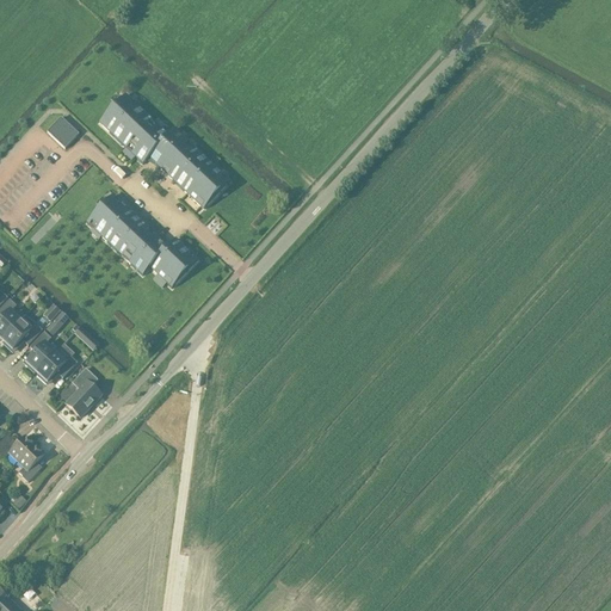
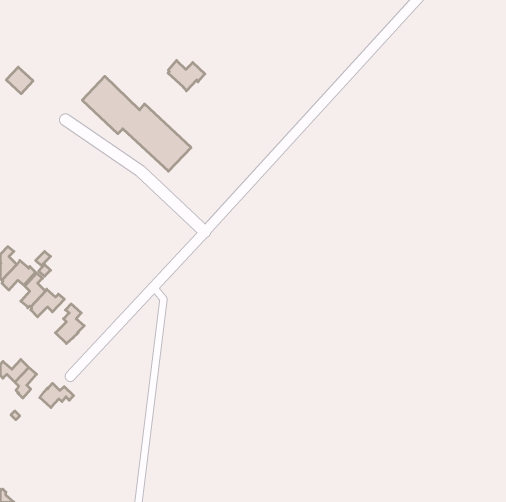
building: none -> [168,60,205,91]
building: [47,115,79,147] -> [6,67,33,94]
building: [87,192,199,285] -> none
building: none -> [40,383,74,408]

